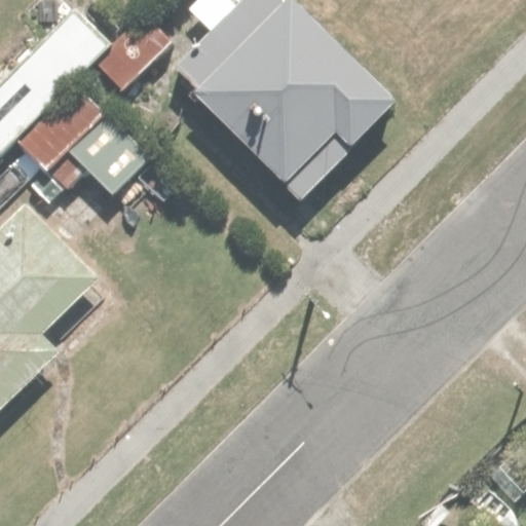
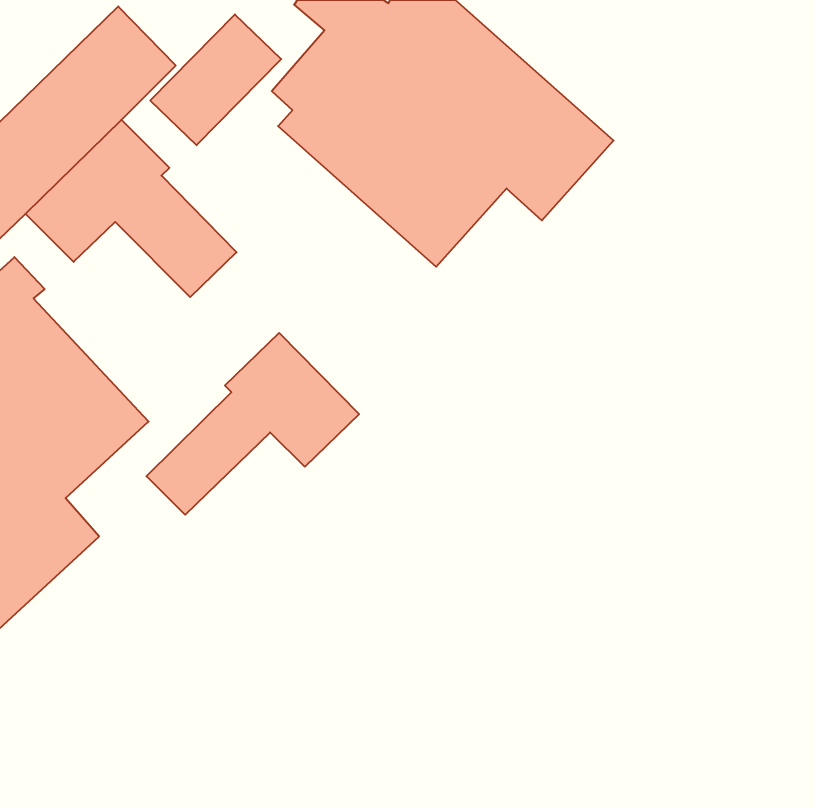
building: none -> [146,333,359,515]

